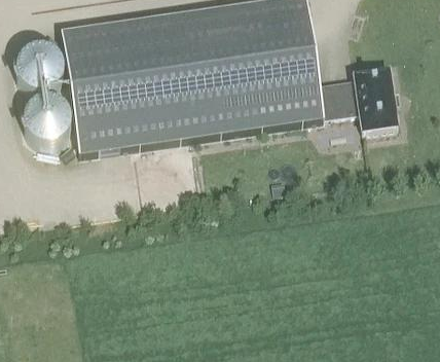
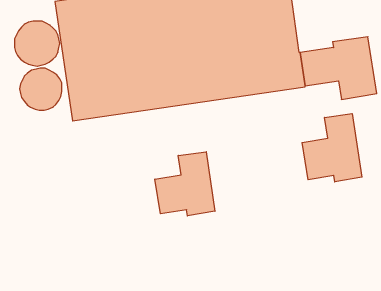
building: none -> [302,114,362,182]
building: none -> [155,152,215,216]

